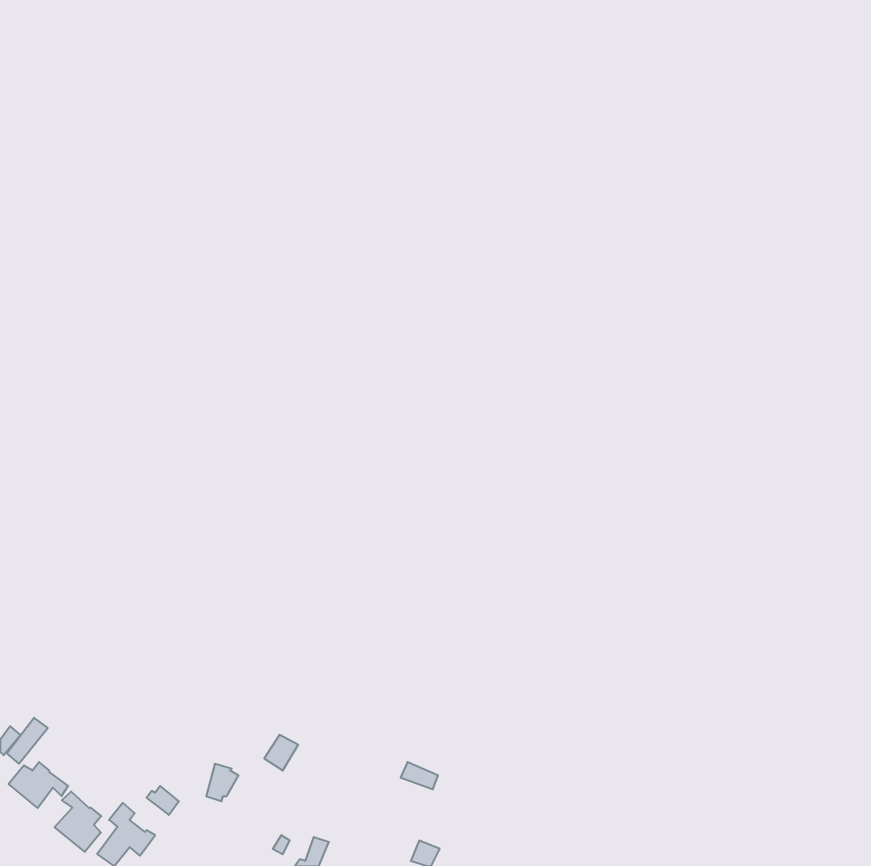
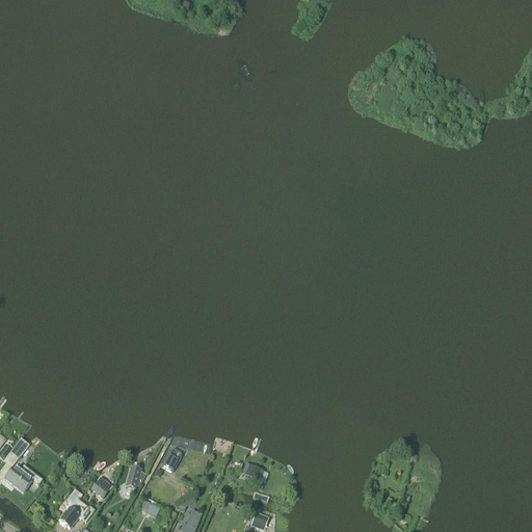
building: [55,791,101,852] -> none

